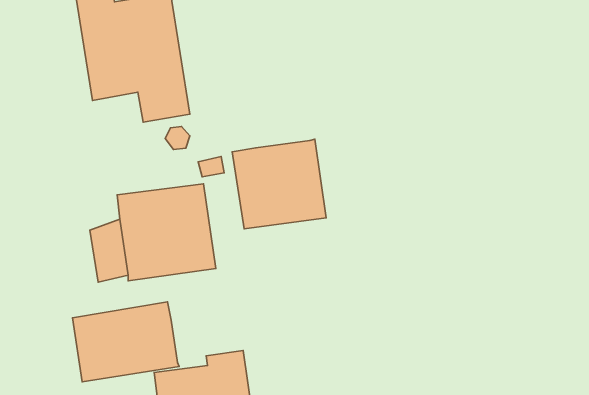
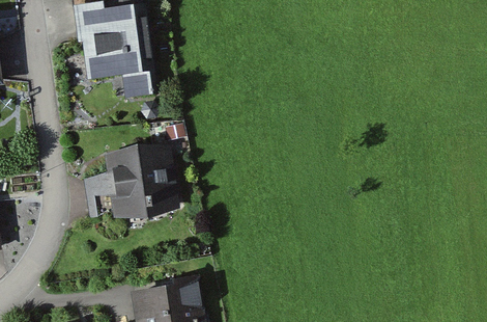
building: [232,139,326,229] -> none
building: [72,302,179,382] -> none

